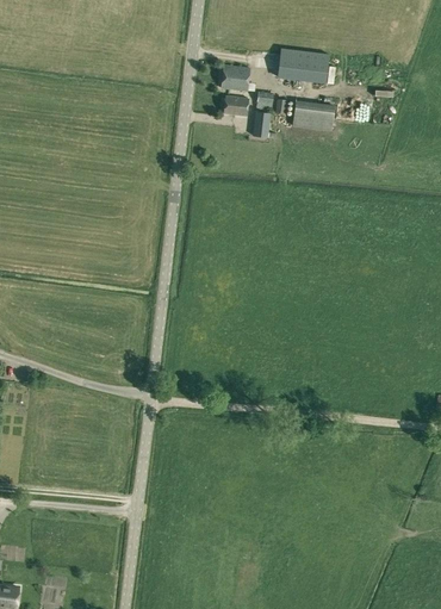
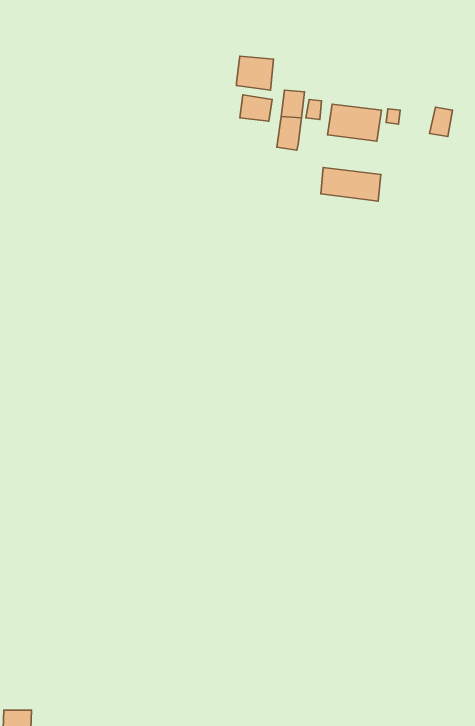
building: [278,49,328,82] -> none
building: none -> [321,167,381,201]

